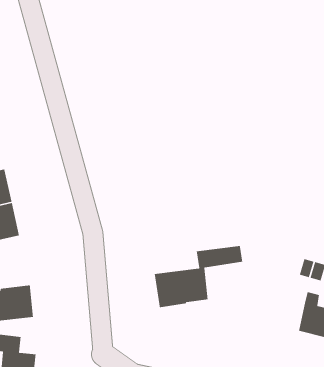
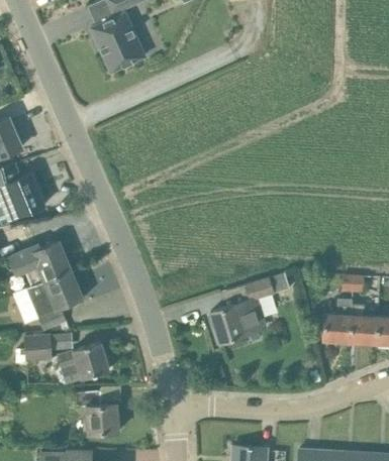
building: none -> [321,299,352,341]

